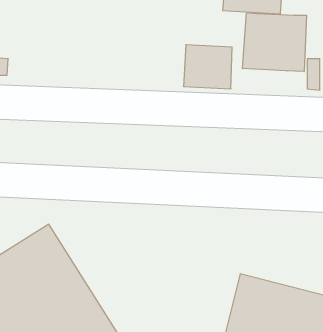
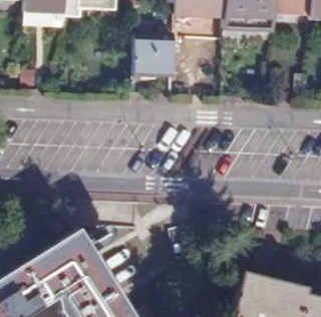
building: [242,12,306,72] -> none
building: [183,45,232,89] -> [131,36,174,74]

